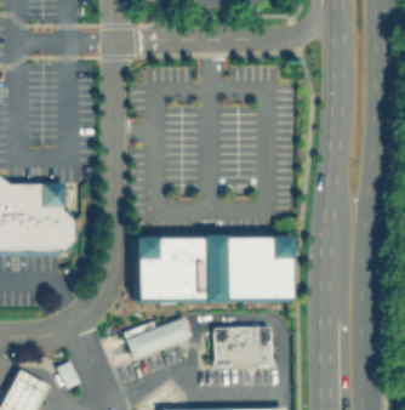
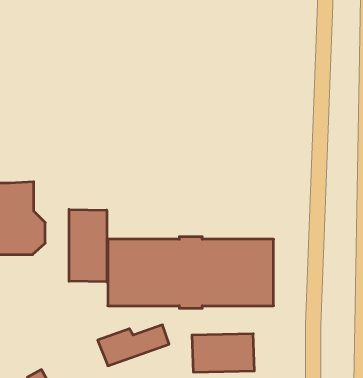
building: none -> [69,209,107,282]

